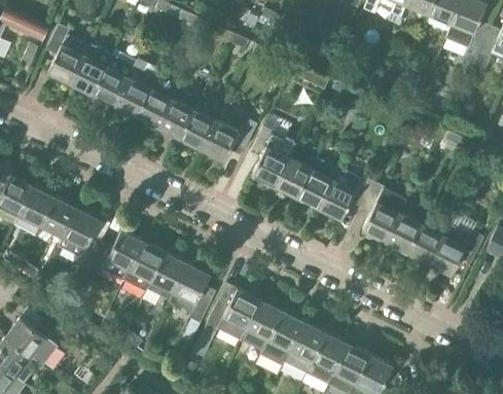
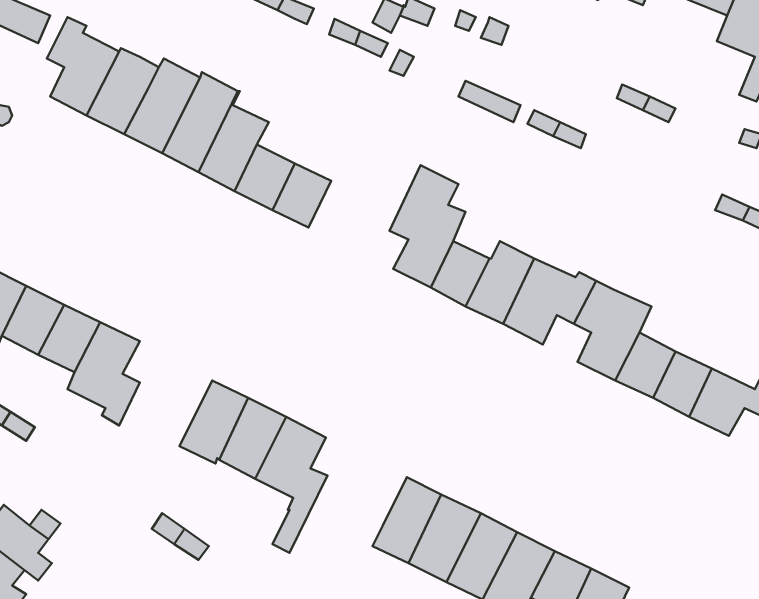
building: [202,120,256,164] -> none
building: [88,230,144,282] -> none
building: [206,289,260,342] -> none

